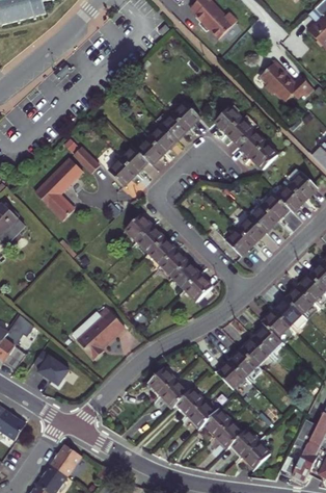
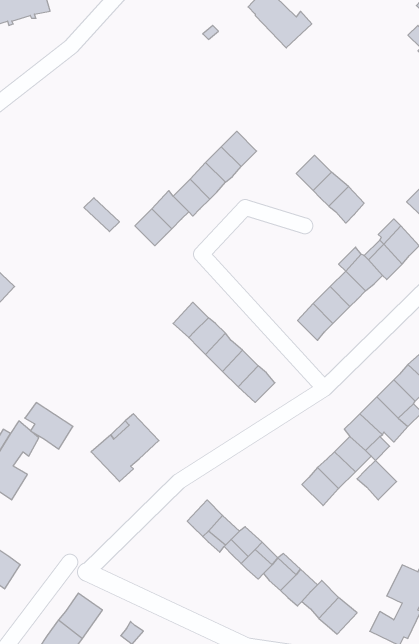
building: [257,59,313,102] -> none
building: [215,104,241,133] -> none
building: [33,161,81,224] -> none
building: [124,214,152,243] -> none
building: [35,354,71,388] -> [25,403,73,449]
building: [218,362,247,391] -> [357,460,397,500]

